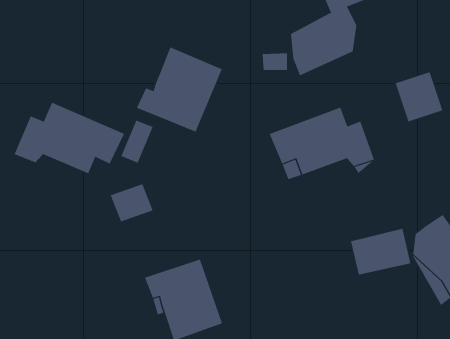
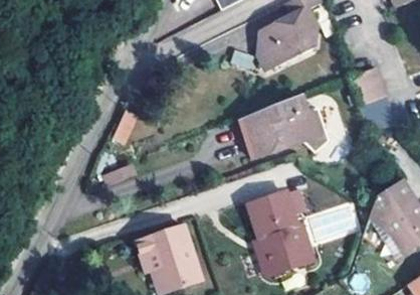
building: [136,46,223,132] -> none
building: [14,102,125,174] -> none
building: none -> [247,187,314,274]

